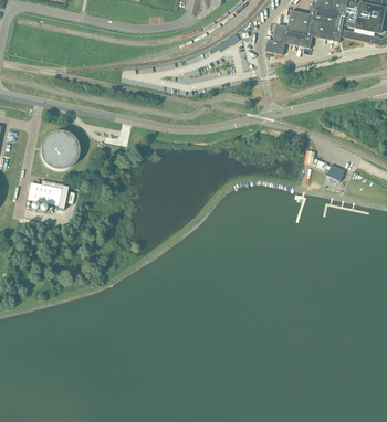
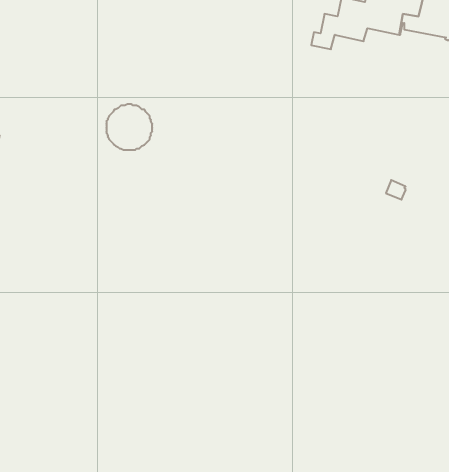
building: [41,130,80,169] -> [106,104,152,150]
building: [28,179,69,209] -> none

